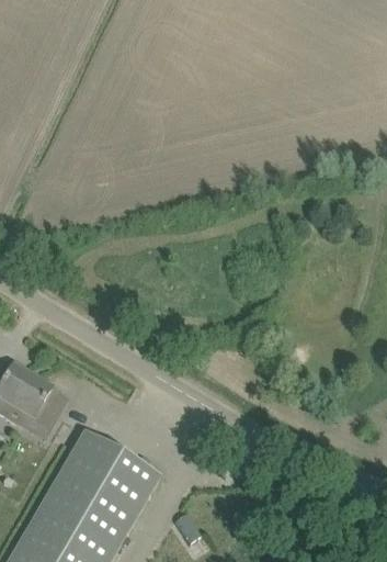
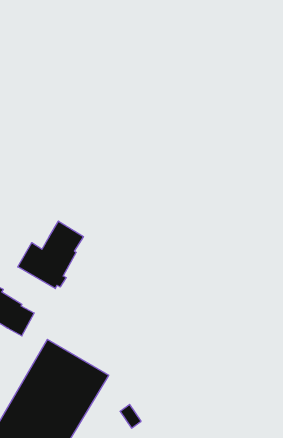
building: none -> [18,221,83,289]

